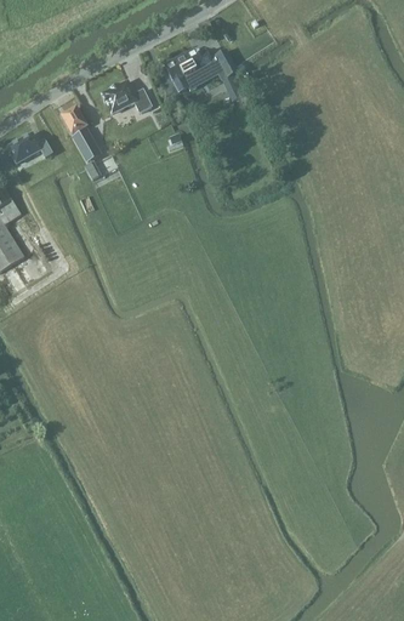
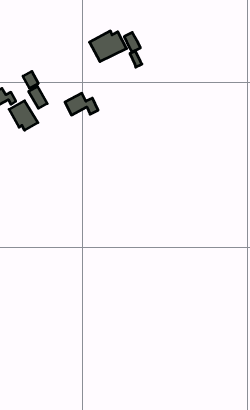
building: [101,81,150,114] -> [65,93,98,115]
building: none -> [9,101,38,130]

